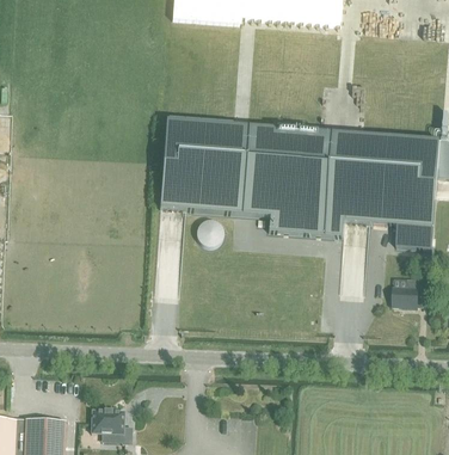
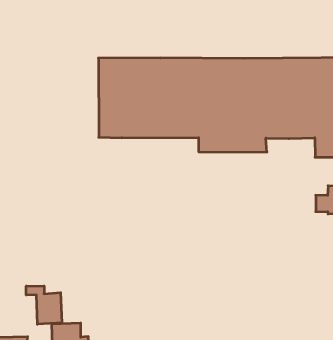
building: none -> [26,286,62,324]

